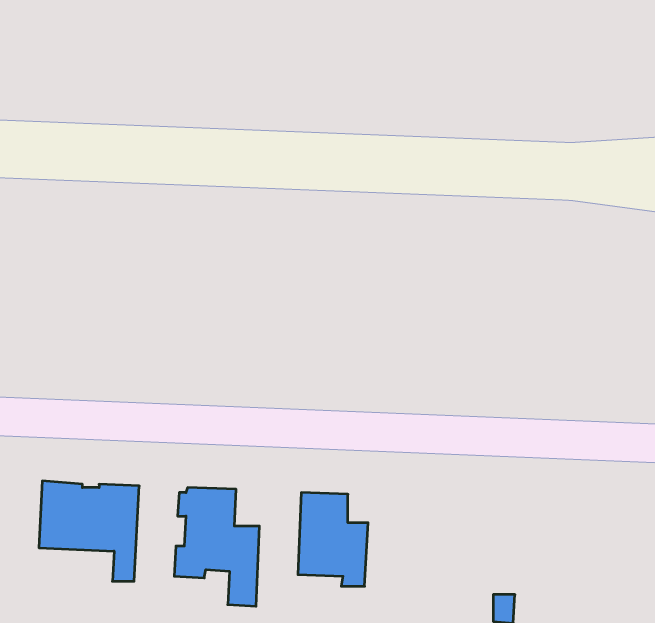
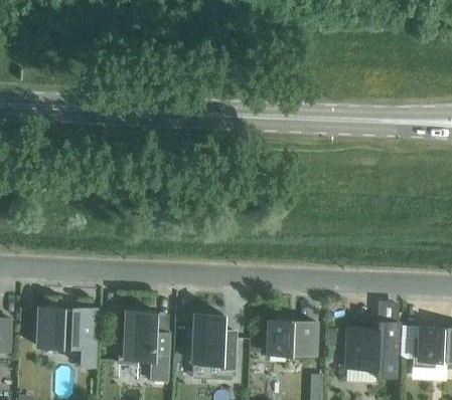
building: none -> [268,321,316,360]
building: none -> [345,322,398,379]

